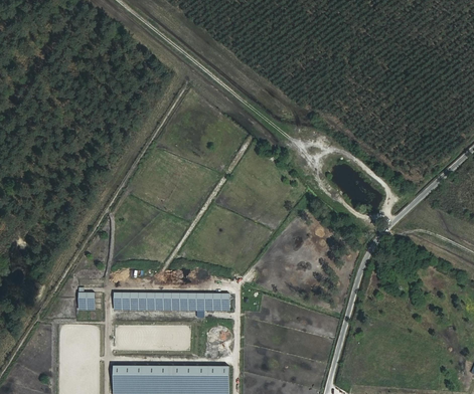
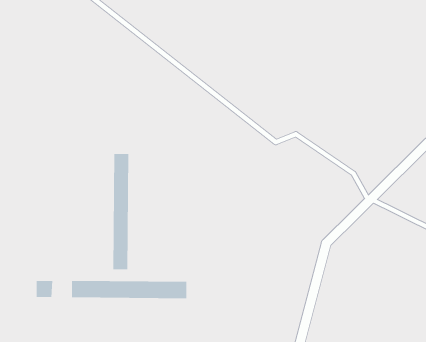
building: none -> [113,153,129,270]

